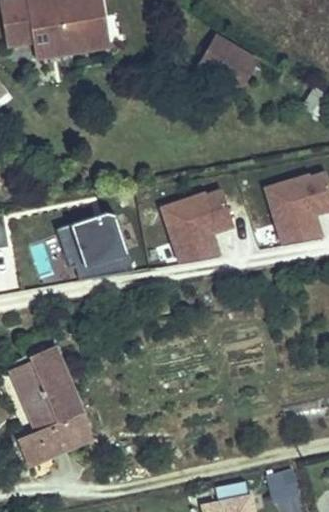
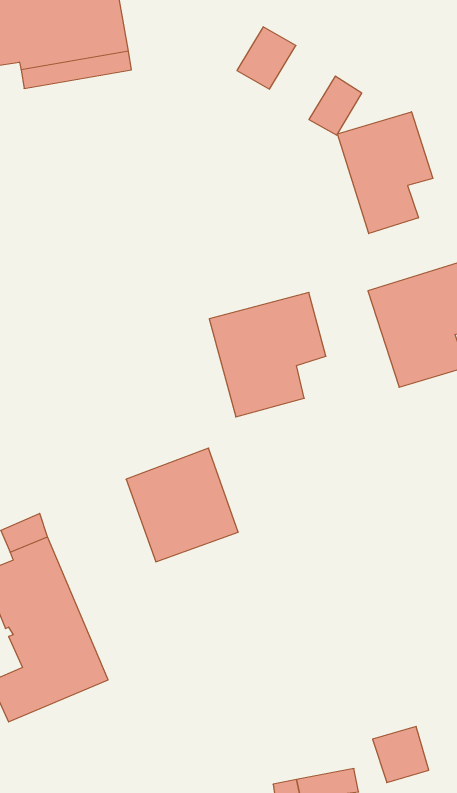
building: [201,37,239,77] -> [237,27,296,89]
building: none -> [338,112,433,234]
building: [58,211,130,284] -> [126,448,238,562]

